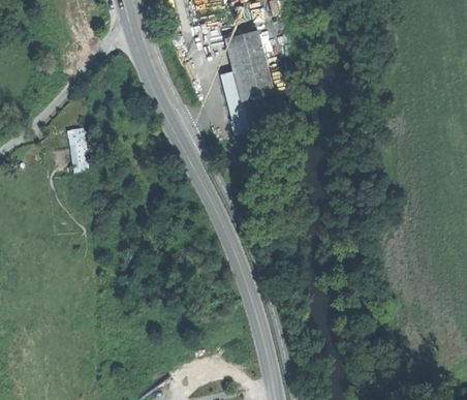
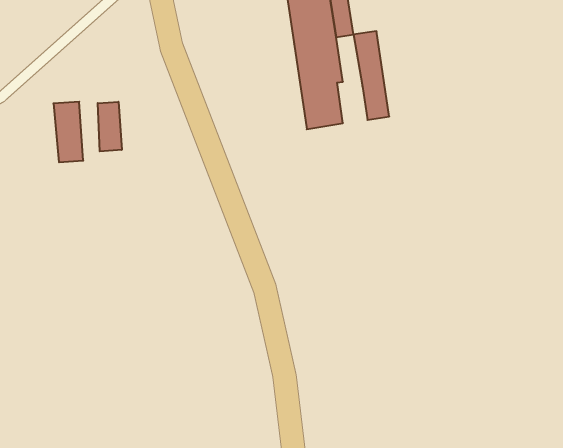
building: [220,68,252,133] -> [353,31,389,120]
building: none -> [98,102,122,151]

